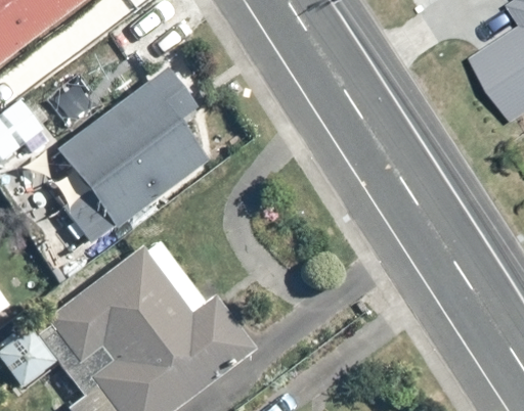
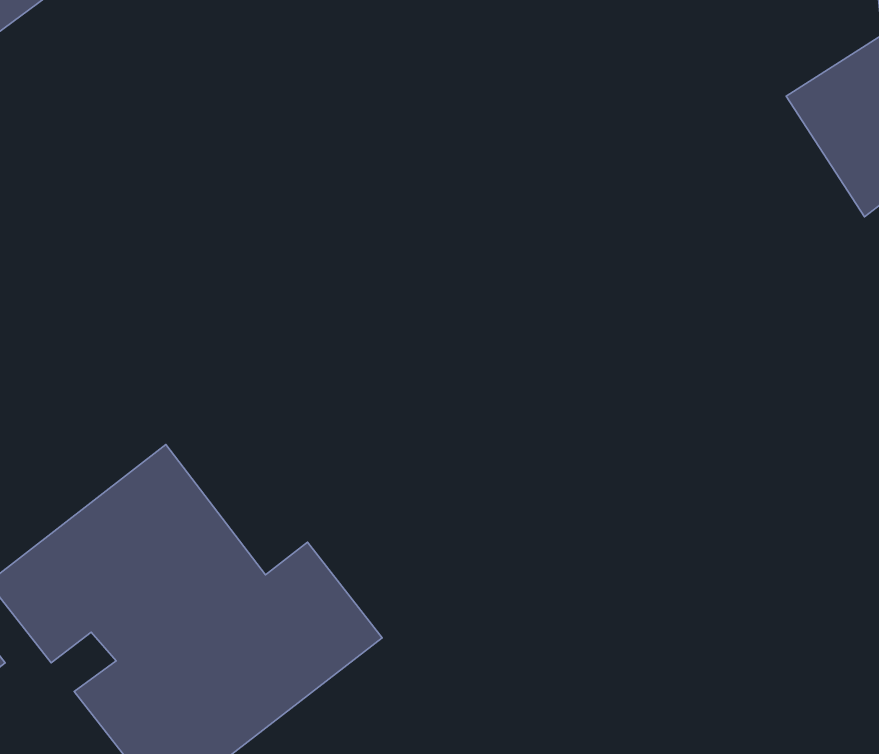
building: [57,67,209,228] -> none

